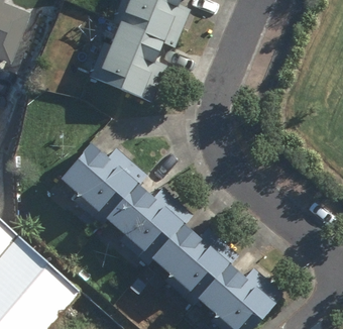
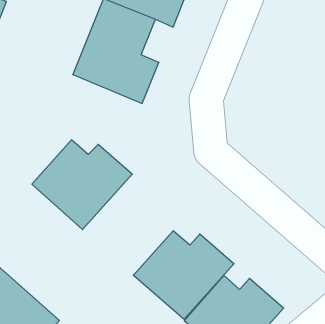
building: [100,180,192,261] -> none

